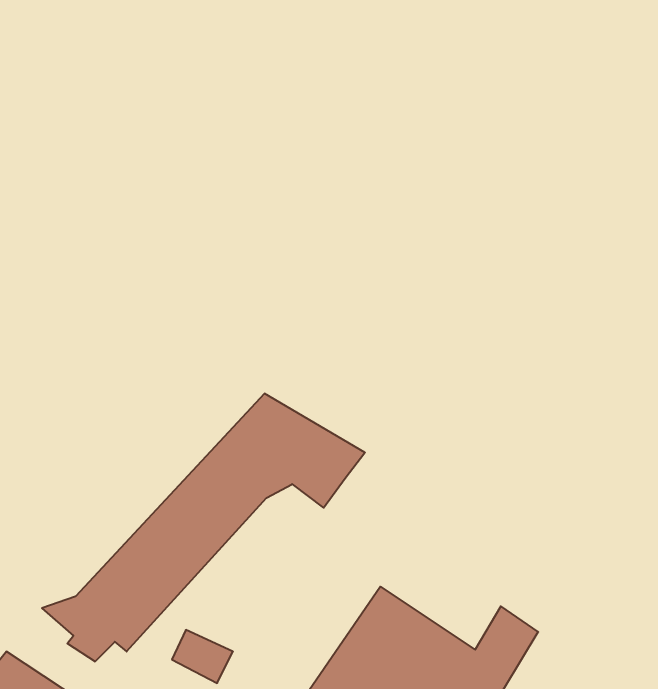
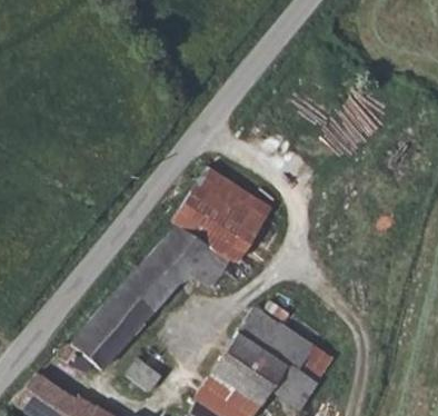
building: none -> [168,164,272,288]
building: none -> [240,308,311,369]

